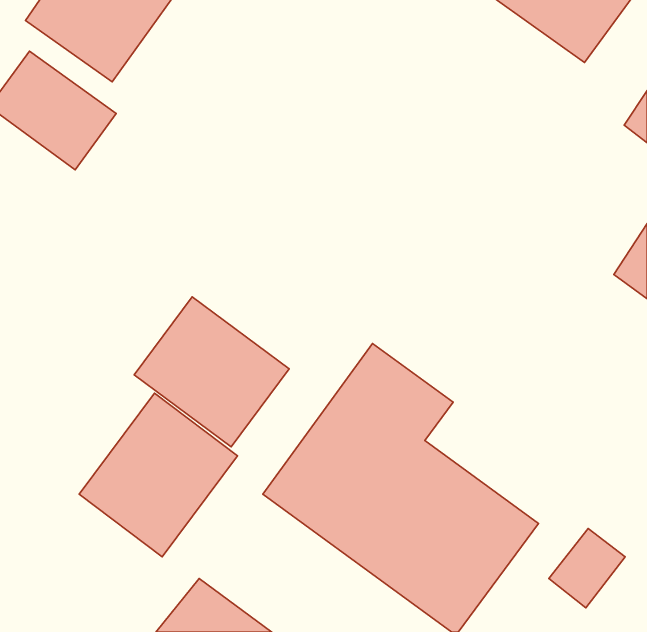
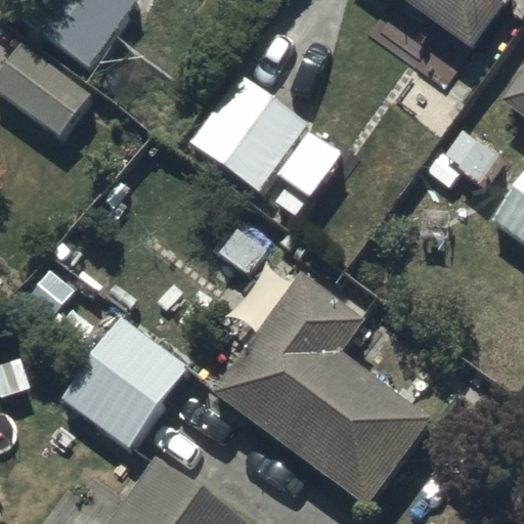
building: none -> [189,71,349,222]
building: [134,297,289,447] -> none

